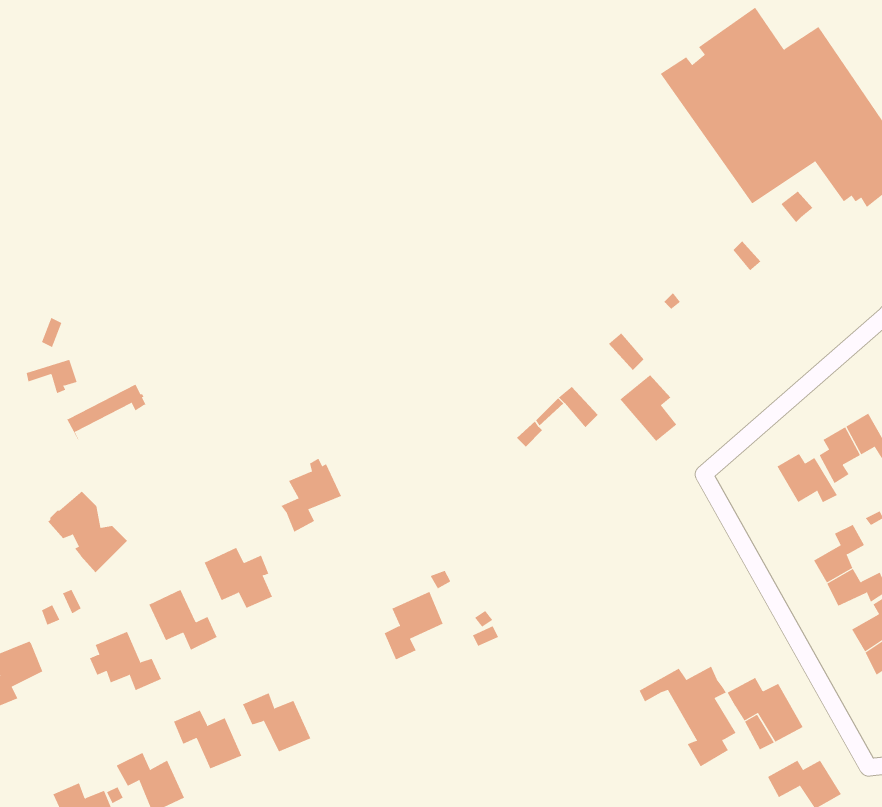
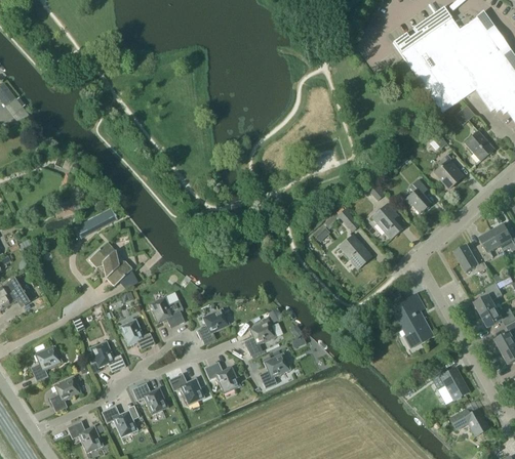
building: none -> [464,130,493,161]
building: none -> [434,154,463,189]
building: none -> [404,178,431,214]
building: none -> [340,236,370,267]
building: [281,458,342,533] -> [197,304,230,344]
building: [48,491,128,573] -> [88,242,131,286]
building: none -> [259,351,290,388]
building: [639,666,736,767] -> [378,293,430,347]
building: none -> [204,362,240,393]
building: none -> [49,376,81,412]

